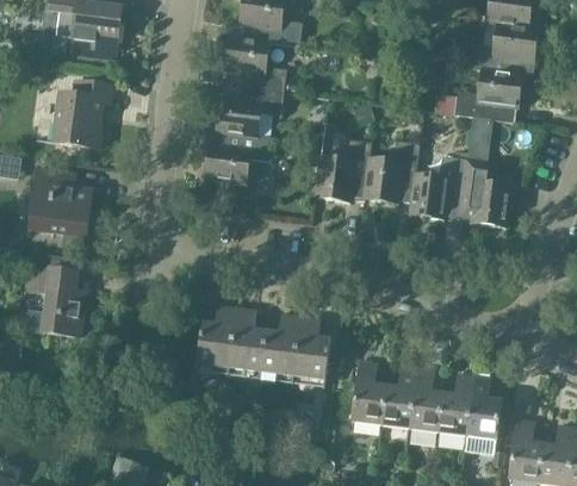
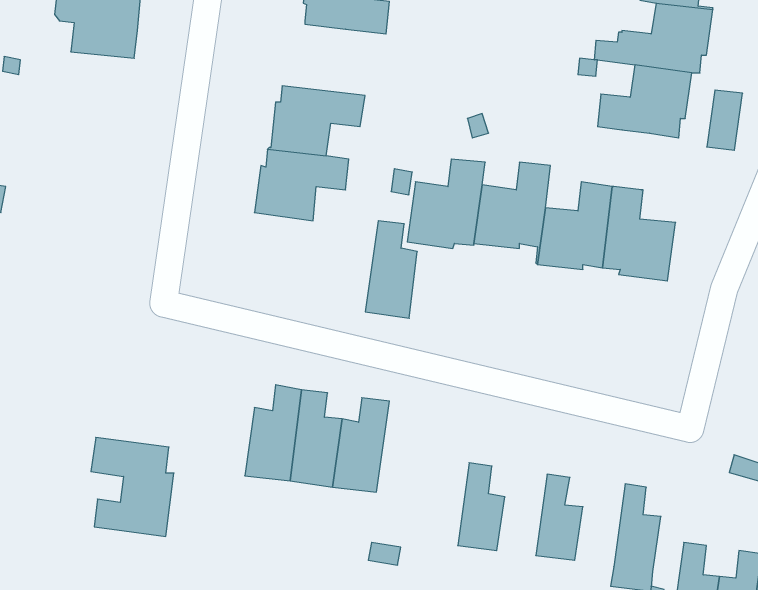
building: [222,35,286,91] -> none
building: [54,77,111,147] -> none
building: [466,116,492,160] -> [707,90,743,150]
building: [29,167,92,235] -> none
building: [23,263,83,336] -> [91,437,174,536]
building: [292,314,330,386] -> [365,221,417,318]
building: [380,366,417,428] -> none
building: [438,373,474,436] -> none

